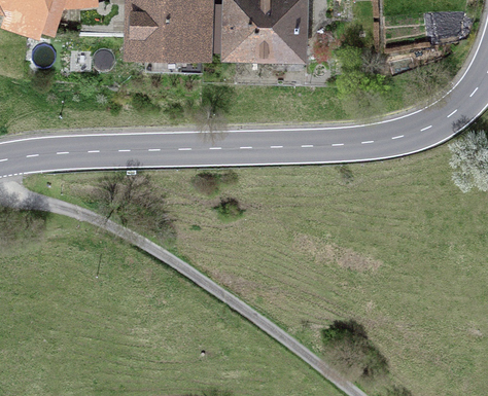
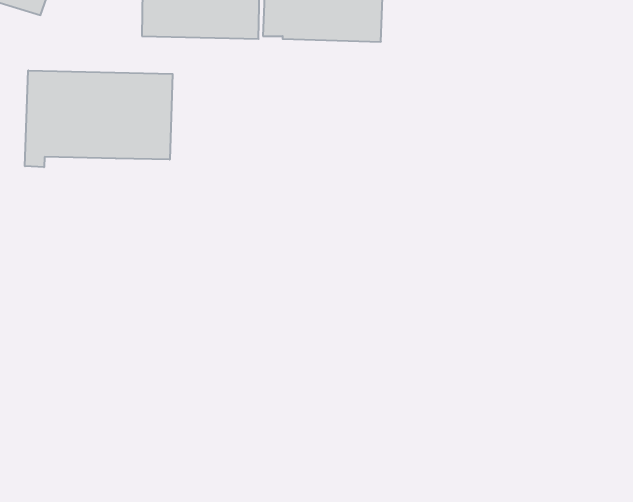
building: none -> [25,70,173,167]

